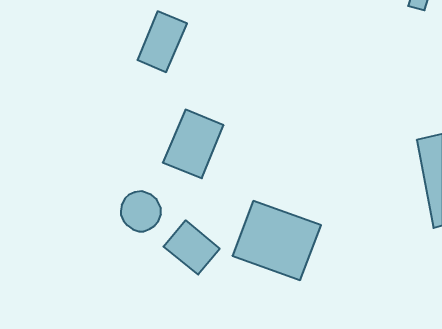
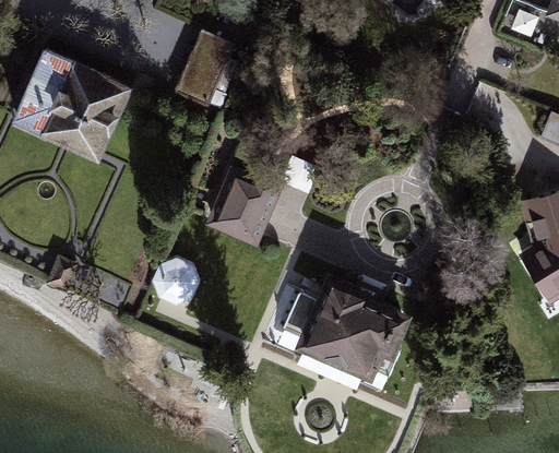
building: none -> [13,44,133,158]
building: [163,220,220,275] -> none

